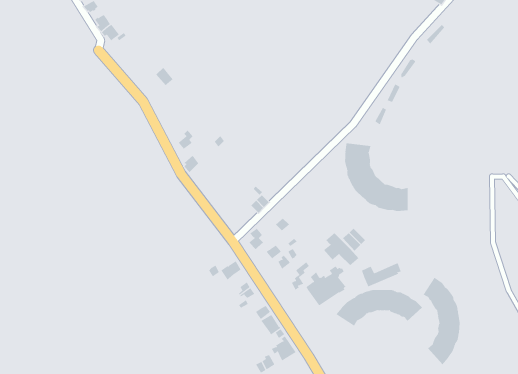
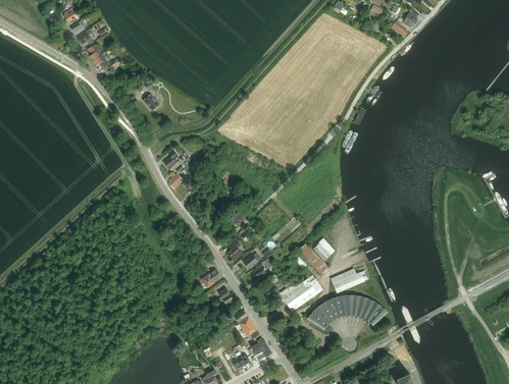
building: [345,143,408,212] -> none
building: [423,277,460,365] -> none

